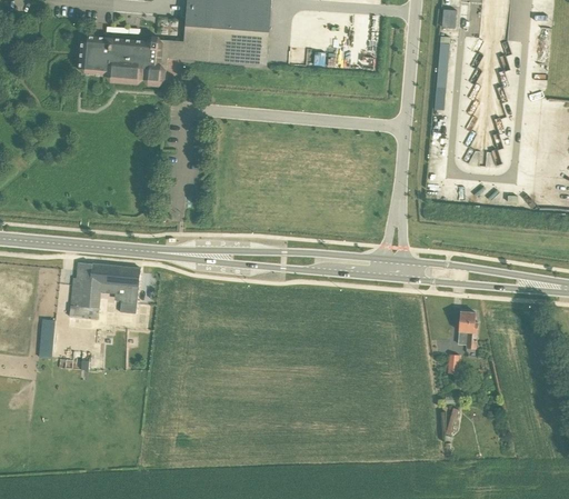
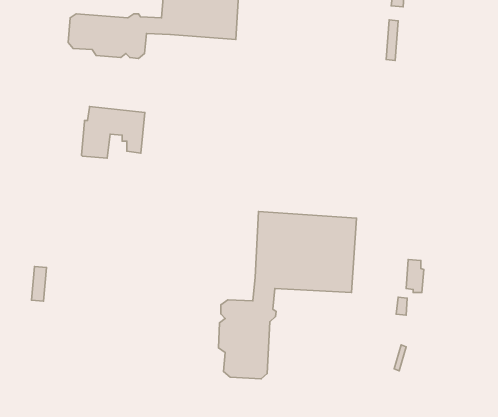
building: none -> [218,211,356,379]
building: [69,260,140,318] -> [81,107,145,158]

